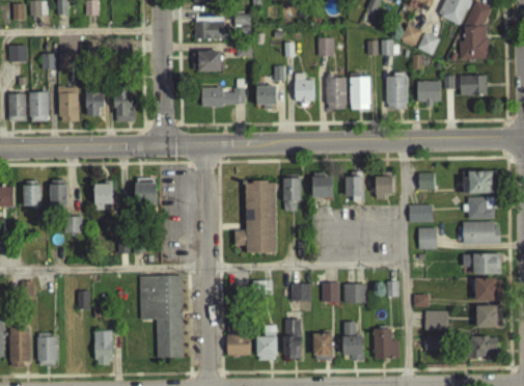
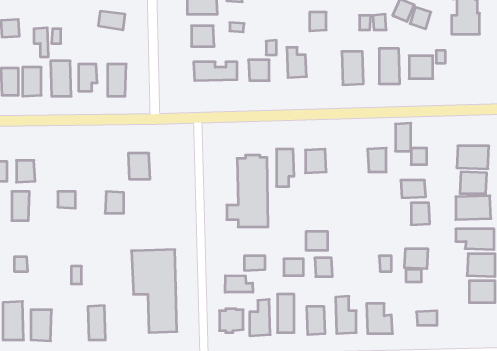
building: [461,75,487,95] -> none
building: [326,77,347,109] -> none
building: [348,171,363,199] -> [395,123,411,151]
building: [51,181,68,210] -> [12,192,29,221]
building: [94,183,113,204] -> [105,192,124,213]
building: [344,284,366,303] -> [306,232,328,250]
building: none -> [225,276,253,292]
building: [425,311,449,331] -> [404,249,428,269]
building: [469,336,498,360] -> none

